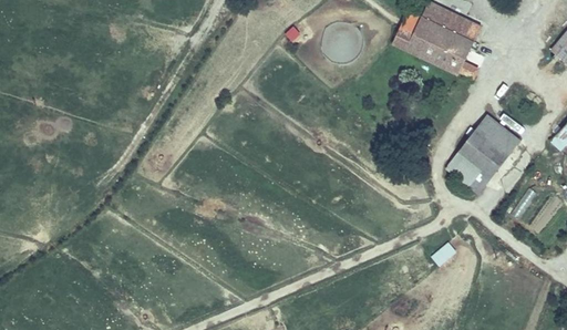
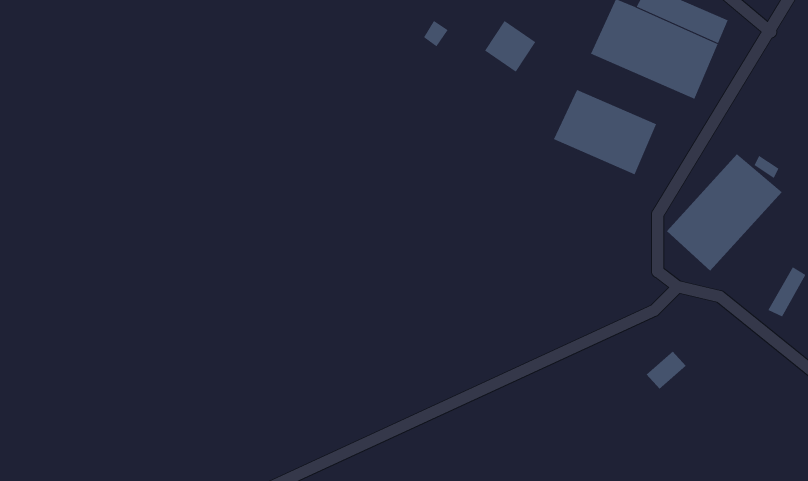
building: none -> [553,89,657,175]

